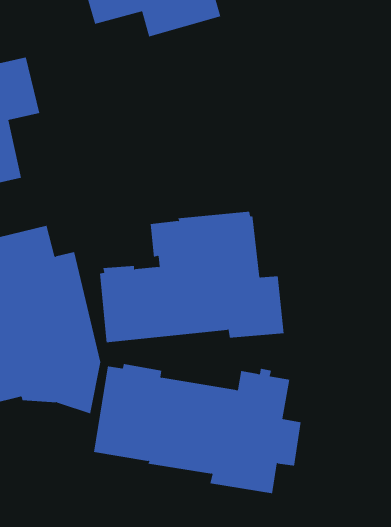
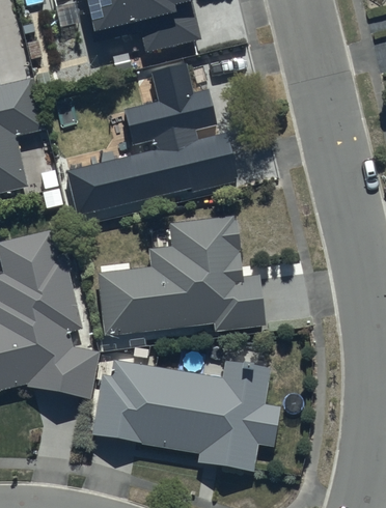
building: none -> [64,63,228,216]

